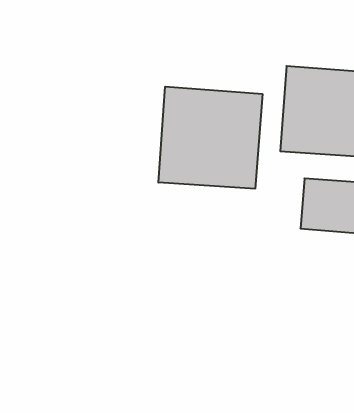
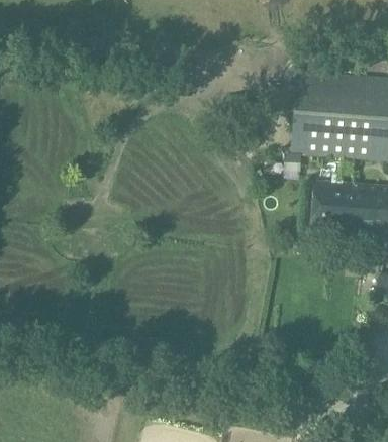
building: [158,87,262,189] -> none

